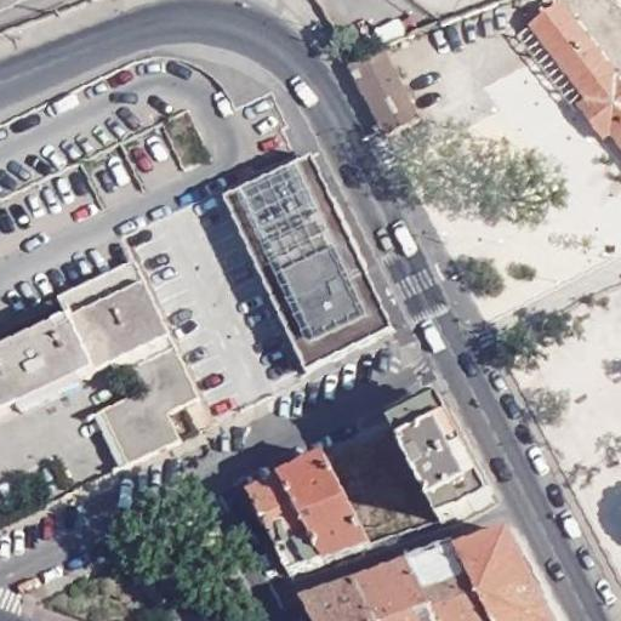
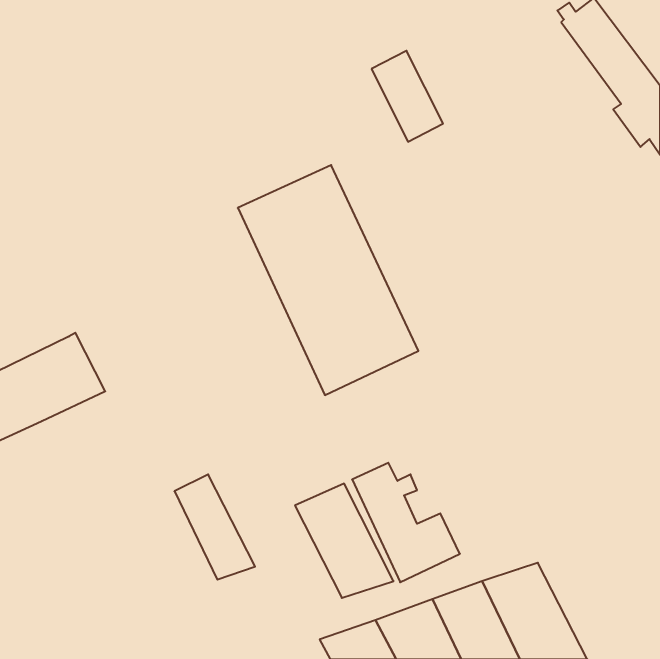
building: [55,255,195,456] -> none
building: [386,397,489,518] -> none
building: [244,472,319,570] -> [174,474,255,580]

